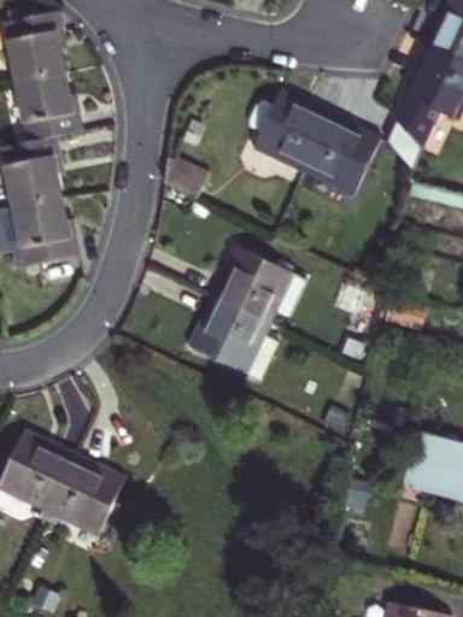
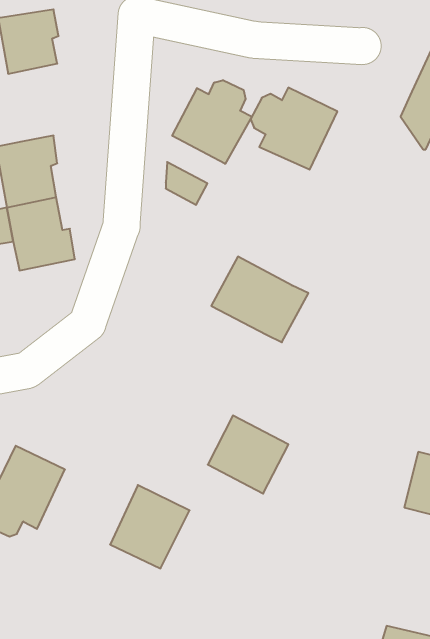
building: [19,64,84,139] -> none
building: none -> [172,80,252,164]
building: [307,110,382,188] -> none
building: [189,295,266,370] -> [208,415,288,494]
building: [47,452,123,531] -> [110,485,190,568]

